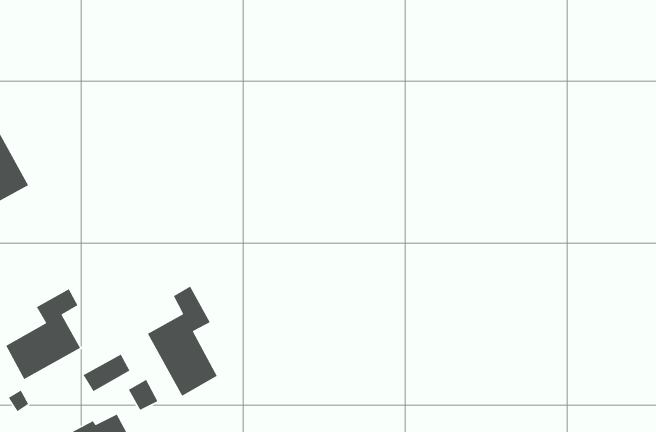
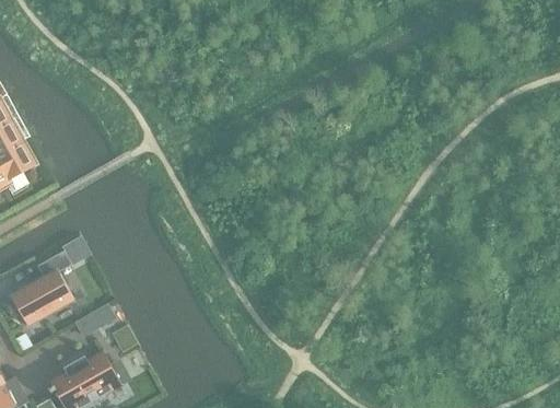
building: [147,286,218,397] -> none

